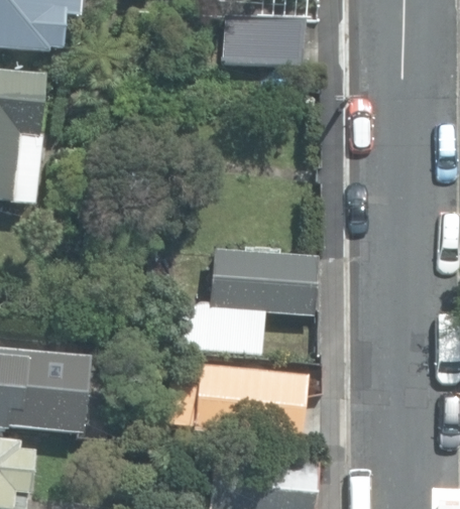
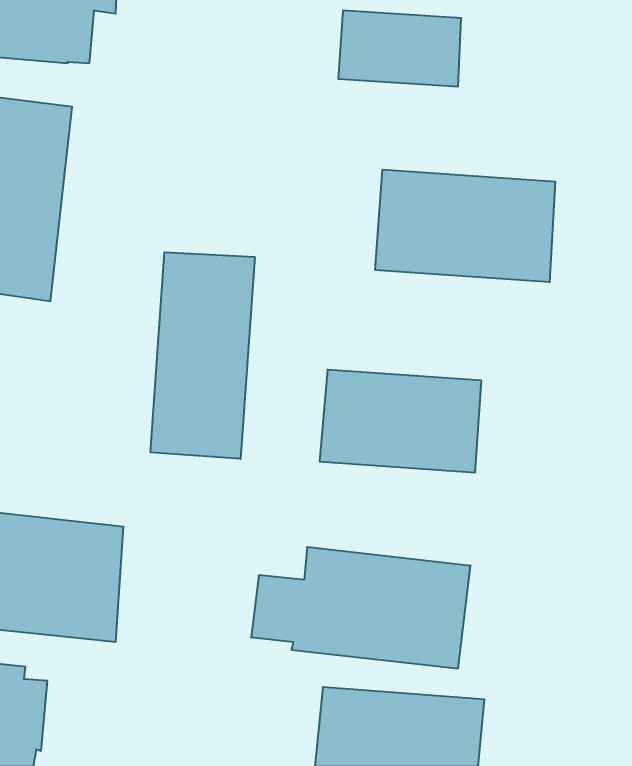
building: none -> [375,170,555,282]
building: none -> [151,252,255,459]

